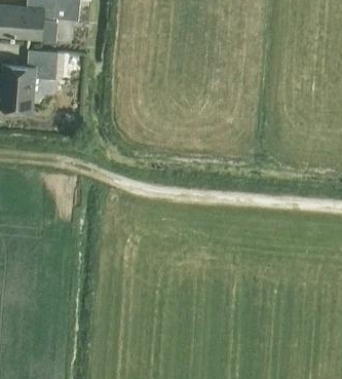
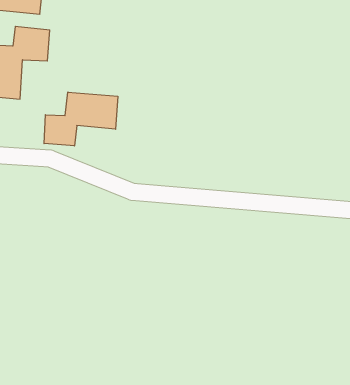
building: none -> [44,92,118,146]

